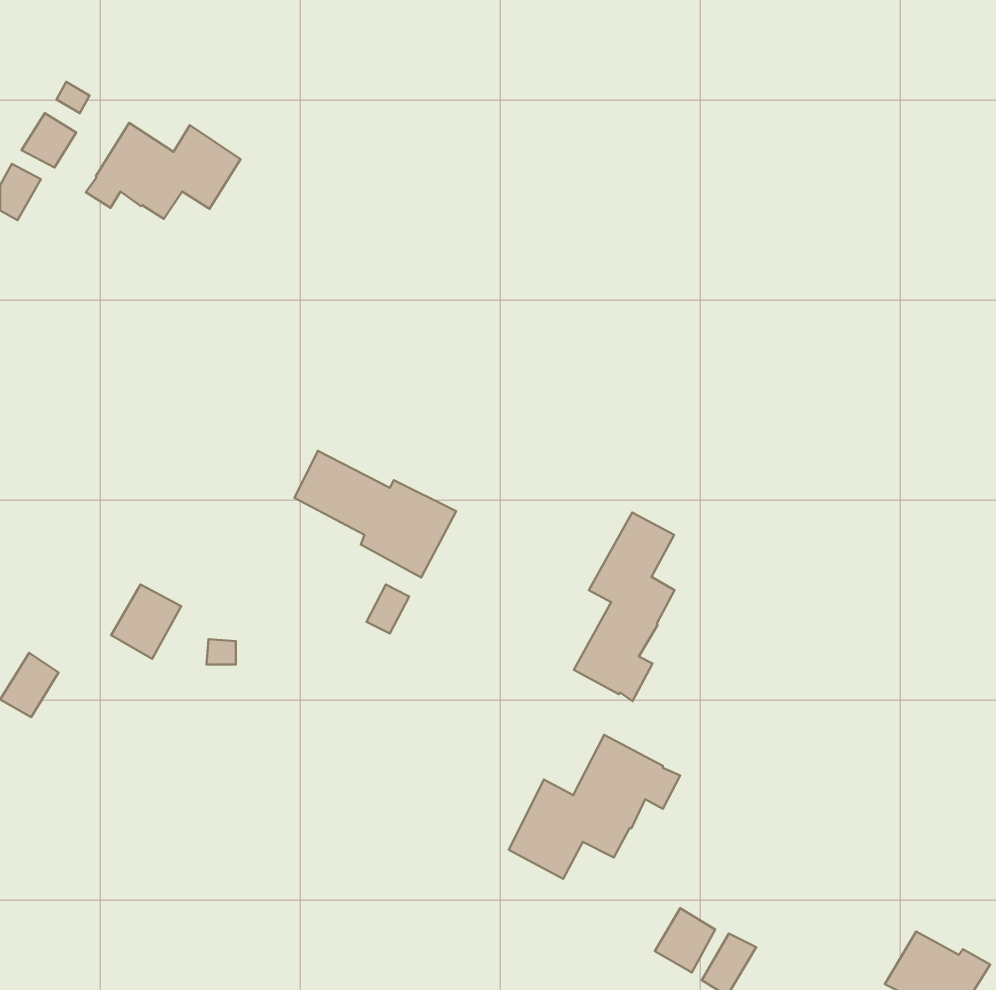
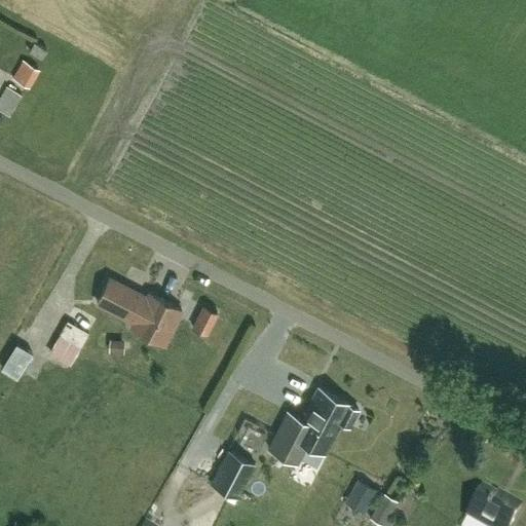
building: [86,123,240,219] -> none
building: [294,451,456,578] -> [97,280,182,347]
building: [574,513,675,701] -> none
building: none -> [211,453,255,499]

